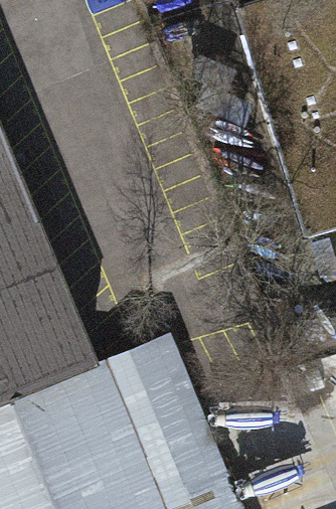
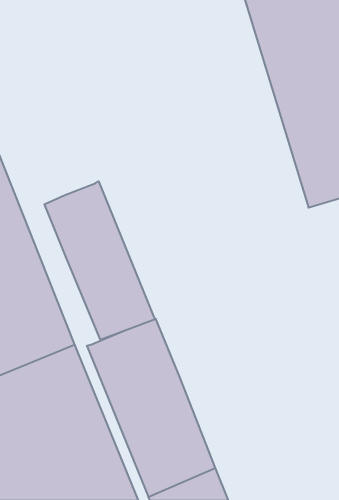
building: none -> [44,181,155,340]

